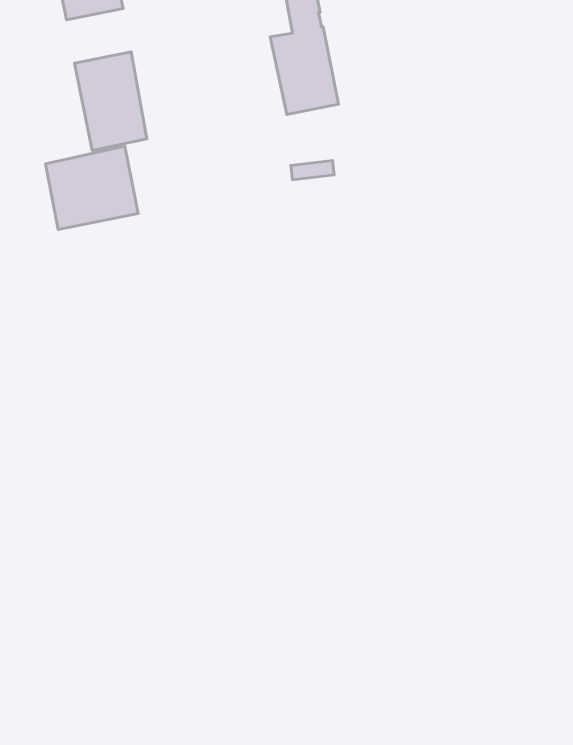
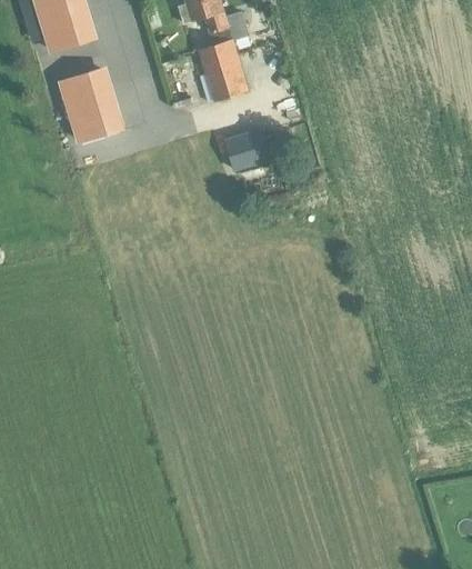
building: [46,146,138,229] -> none
building: none -> [223,140,261,169]

